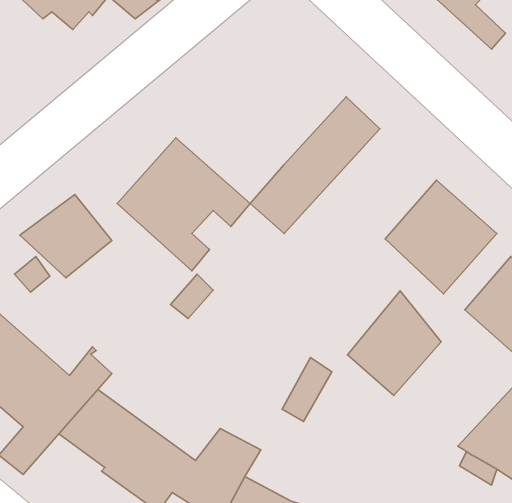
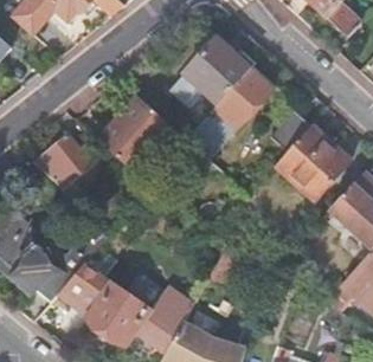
building: none -> [176,39,250,114]
building: [348,291,441,395] -> none

